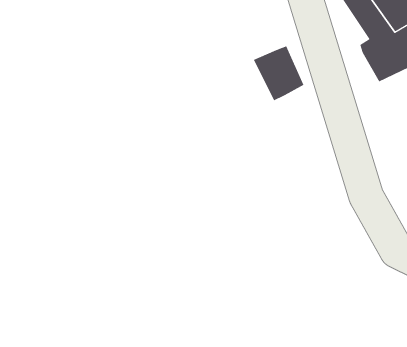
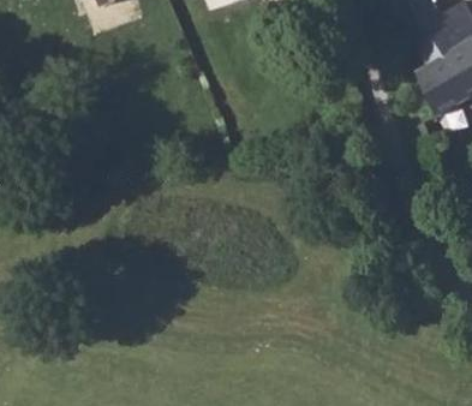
building: [253,45,304,101] -> none

